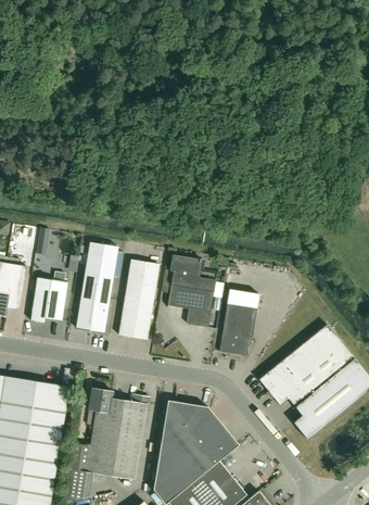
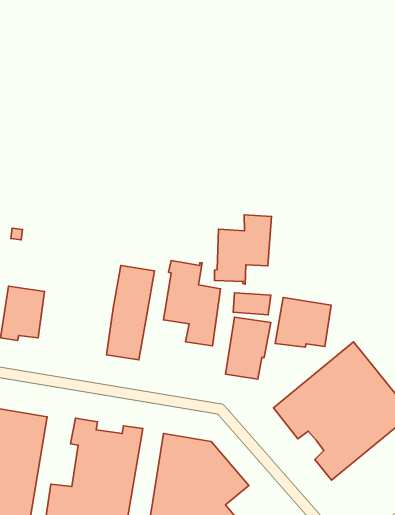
building: none -> [214,215,271,284]
building: [76,242,117,332] -> none
building: none -> [275,298,331,347]

